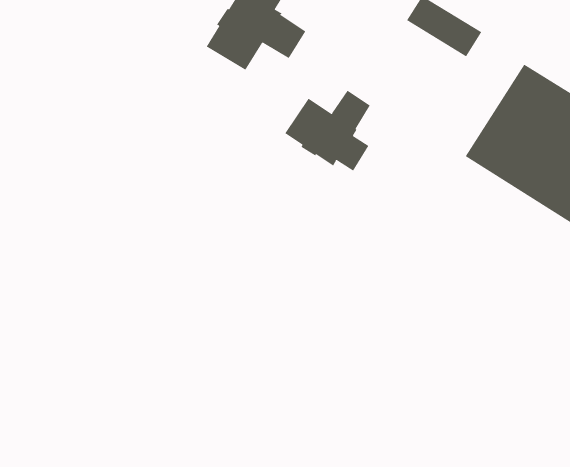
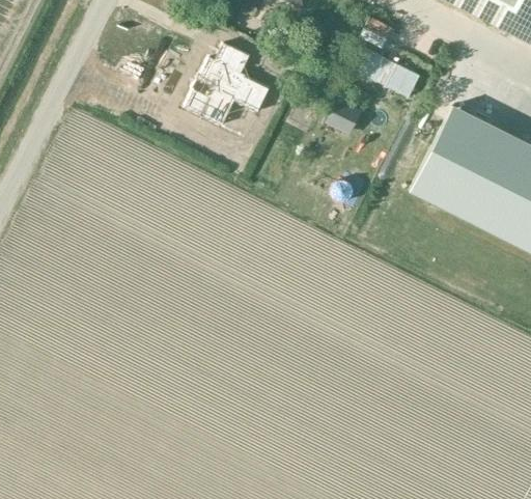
building: none -> [325,105,358,138]
building: [284,90,371,171] -> none

